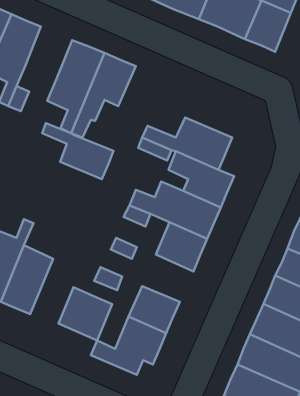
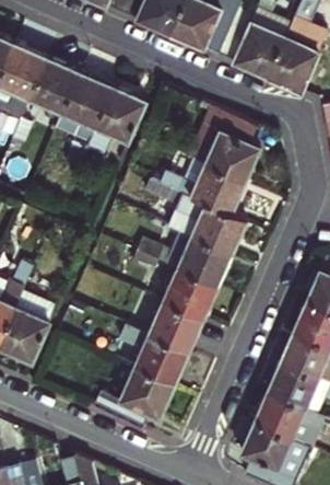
building: none -> [30,60,79,115]
building: none -> [197,119,261,176]
building: [42,123,114,179] -> none
building: none -> [152,299,205,348]
building: [59,287,112,340] -> none

